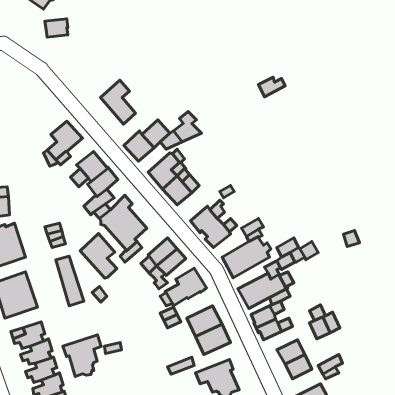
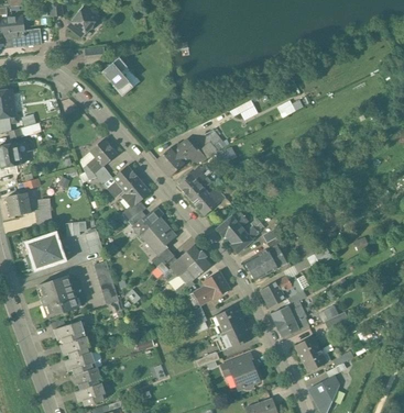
building: [100,80,136,124] -> [101,57,133,97]
building: [80,234,117,278] -> none
building: [63,335,101,377] -> none

